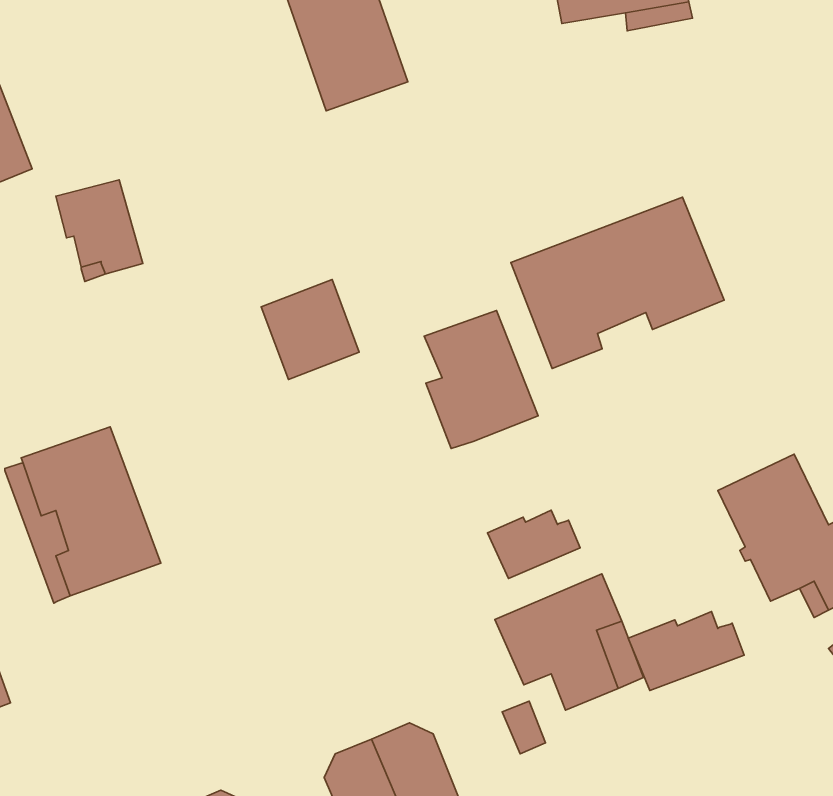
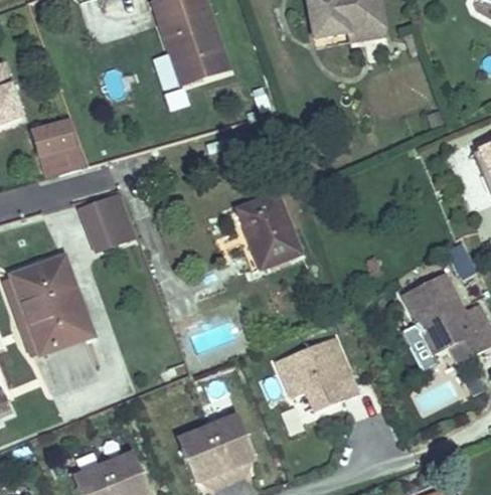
building: [511,197,724,368] -> none
building: [261,279,359,379] -> [80,192,135,248]
building: [488,510,580,578] -> none
building: [628,612,744,691] -> none

